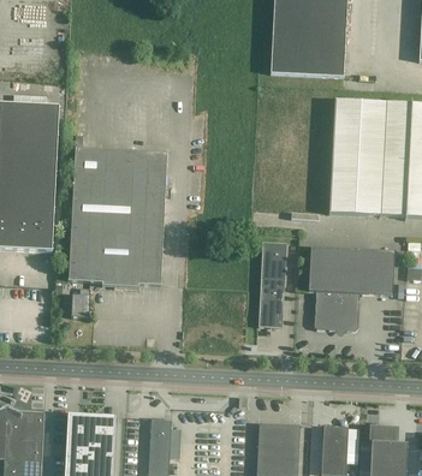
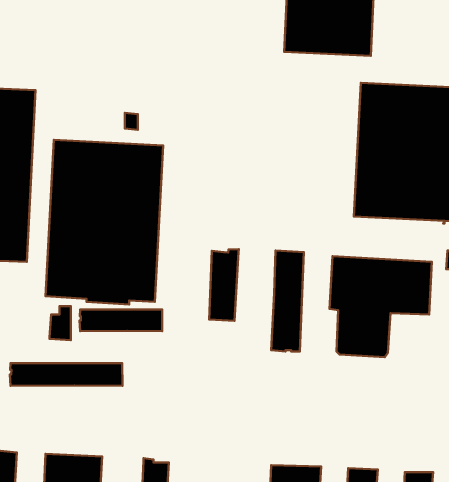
building: none -> [209,249,239,321]
building: none -> [80,310,162,331]
building: none -> [10,363,122,386]

